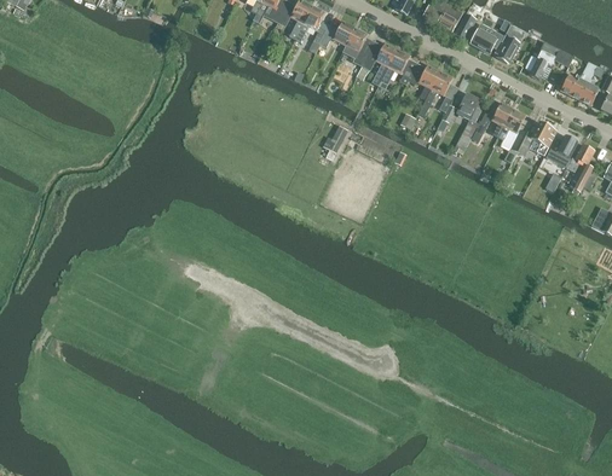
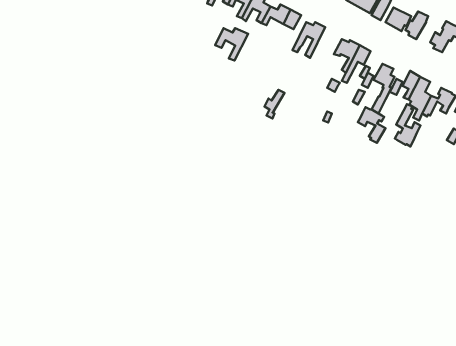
building: [379,50,417,89] -> none
building: none -> [215,28,248,60]
building: none -> [395,104,421,146]
building: none -> [358,107,385,143]

